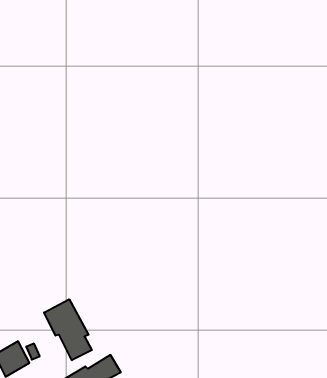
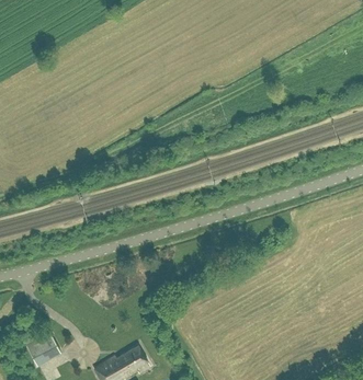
building: [44,299,92,360] -> none

